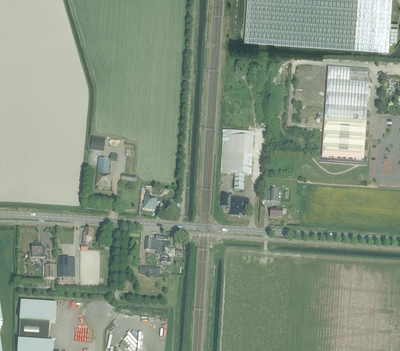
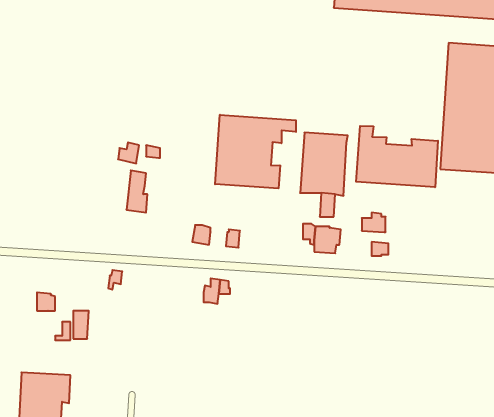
building: none -> [215,115,296,188]
building: none -> [356,126,438,187]

